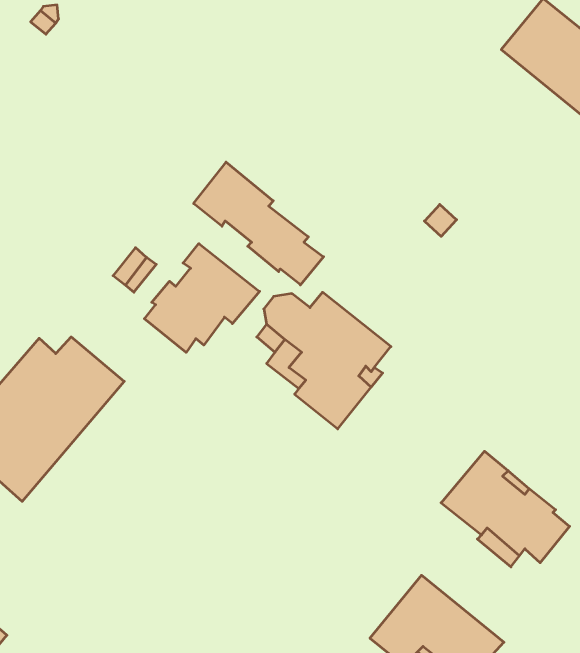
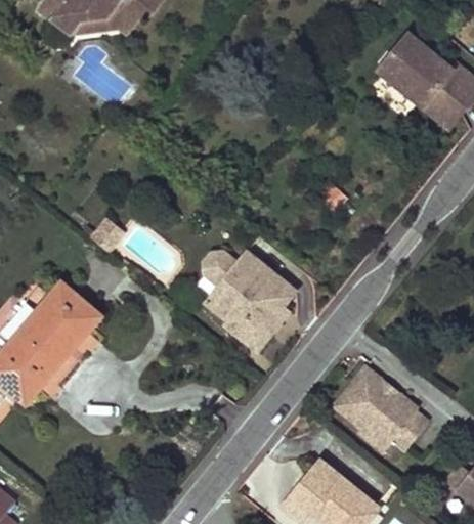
building: [194,162,324,285] -> none
building: [144,244,260,352] -> none

